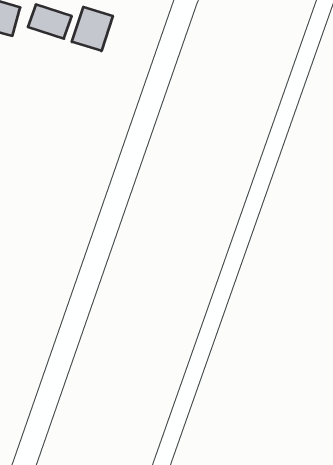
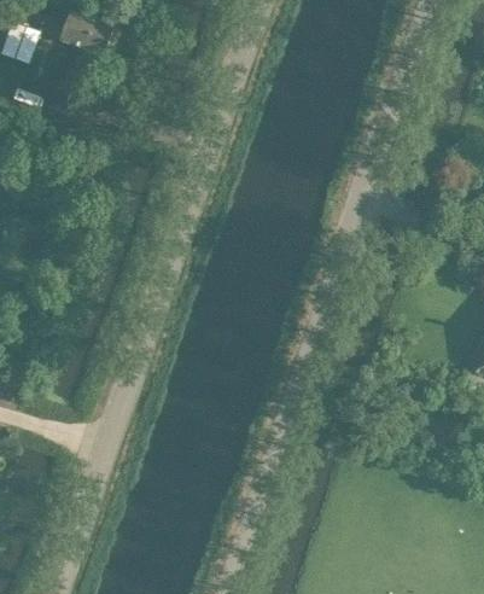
building: [72,7,113,51] -> none

